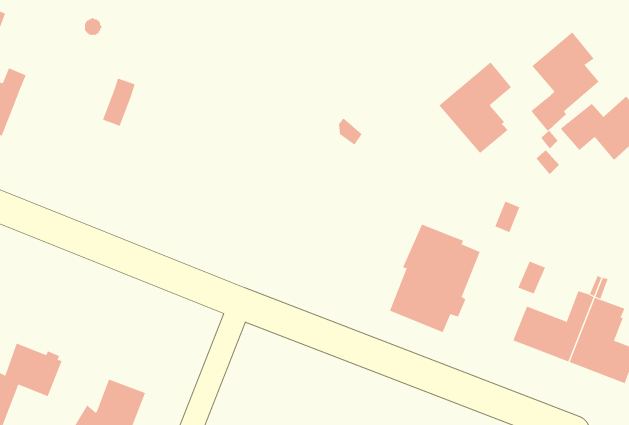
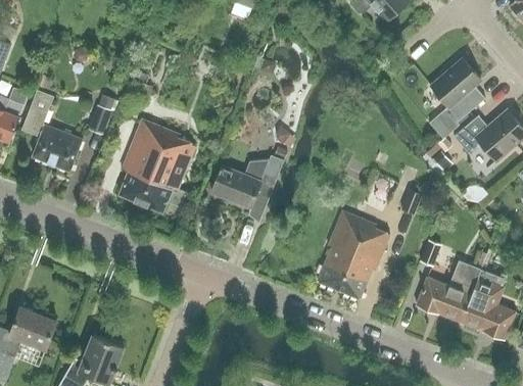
building: [439,61,512,154] -> none
building: none -> [21,90,82,171]
building: none -> [118,119,195,211]
building: none -> [210,155,283,207]

